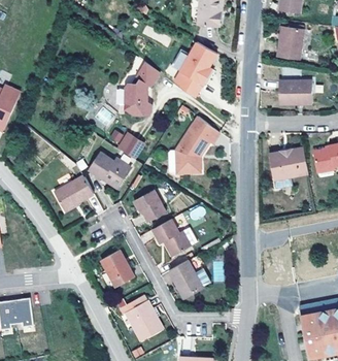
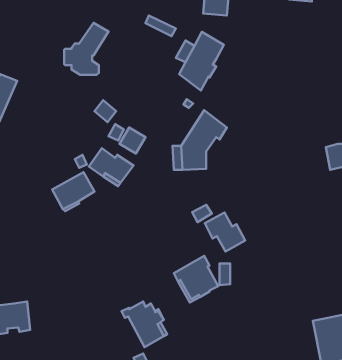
building: [277,26,304,59] -> none
building: [117,64,160,113] -> [64,23,109,75]
building: [278,79,311,104] -> none
building: [269,147,308,178] -> none
building: [135,189,166,221] -> none
building: [153,219,191,256] -> [205,212,245,252]
building: [101,250,134,286] -> none

